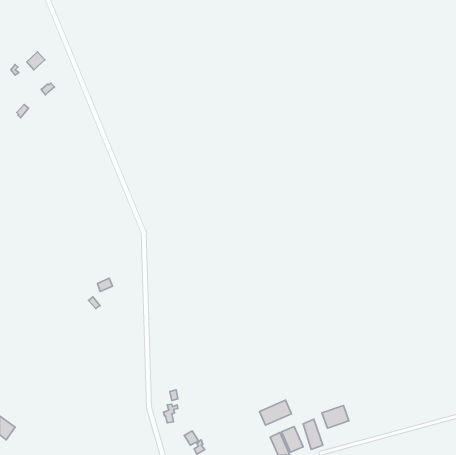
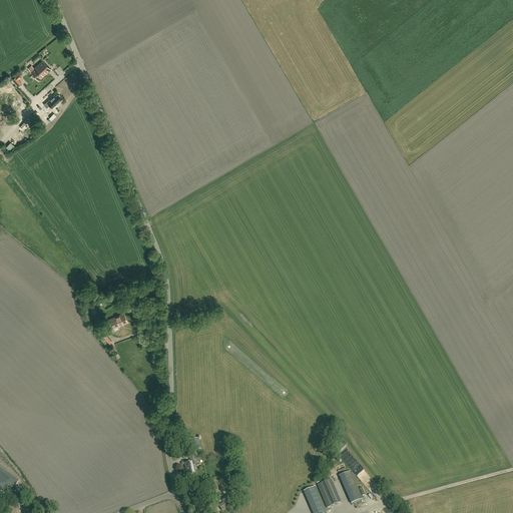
building: [259,400,291,425] -> none
building: [322,405,349,428] -> none

